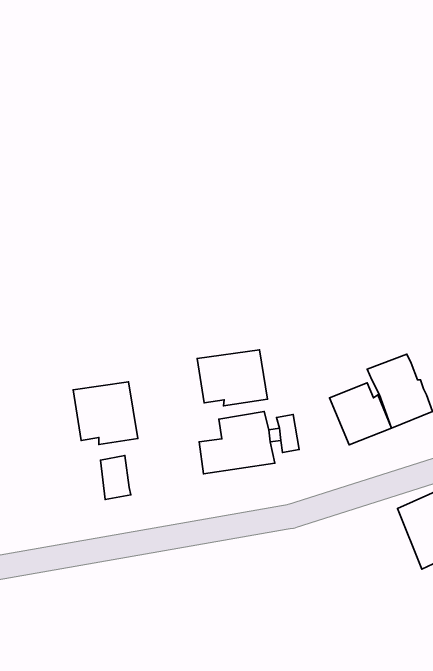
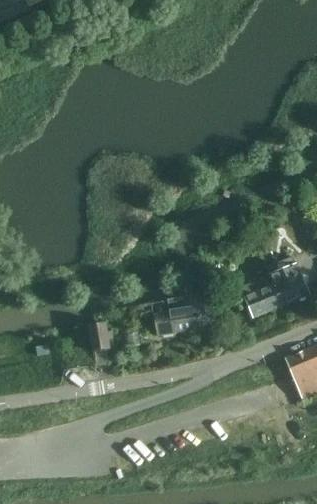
building: [197,350,268,406] -> none
building: [73,382,138,444] -> none

